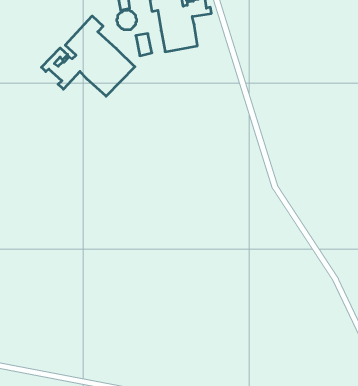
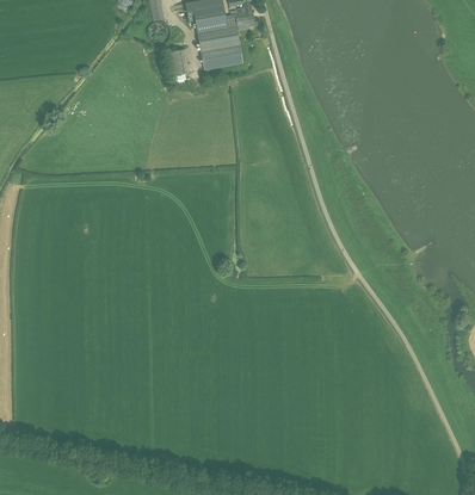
building: [41,16,135,96] -> none

